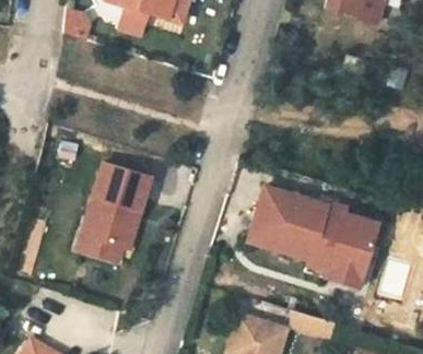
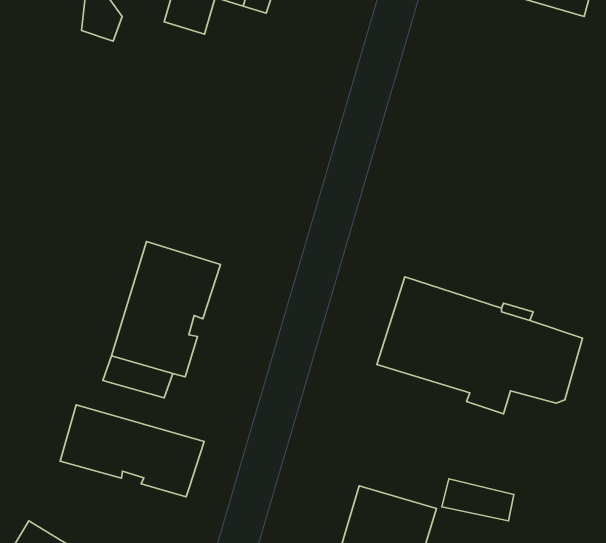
building: [303,256,367,287] -> none
building: none -> [60,405,204,497]

